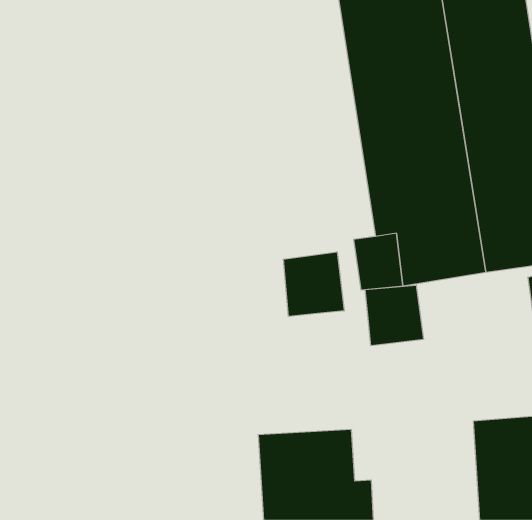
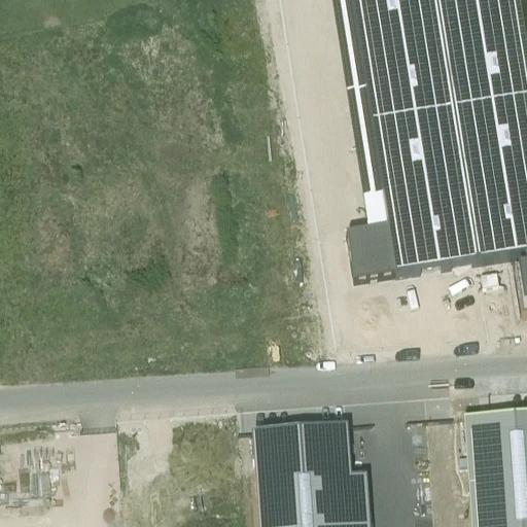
building: [283,252,344,316] -> none
building: [365,285,424,346] -> none

